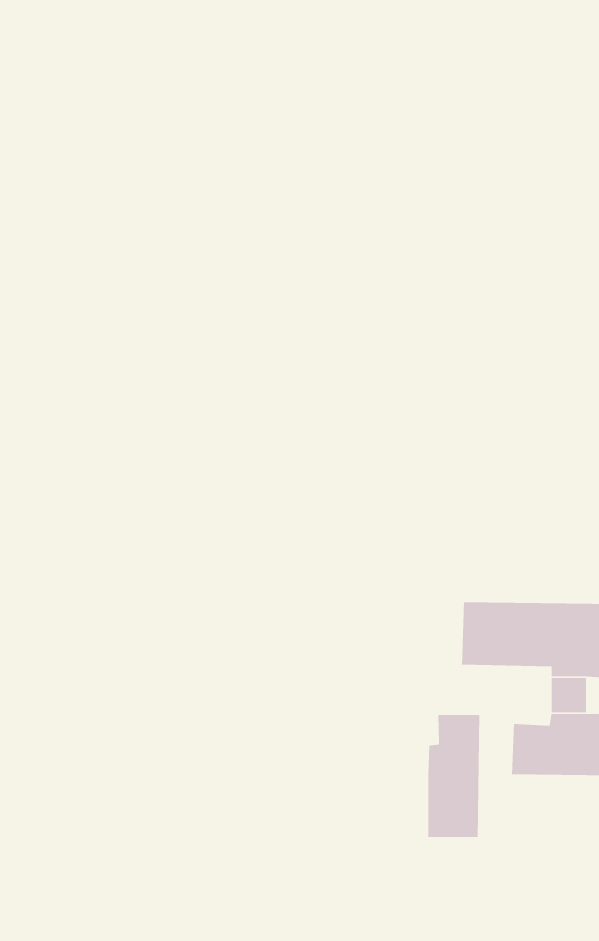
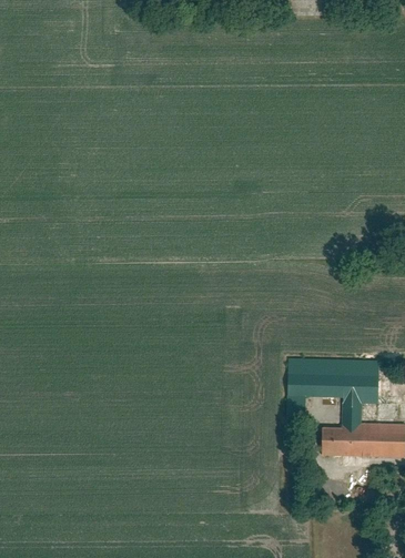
building: [428,714,480,838] -> none

